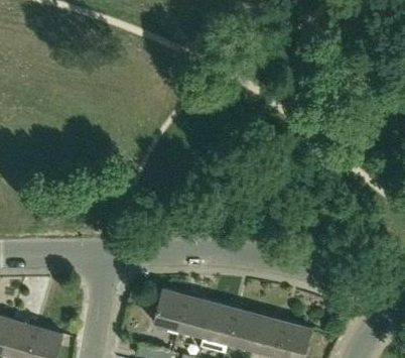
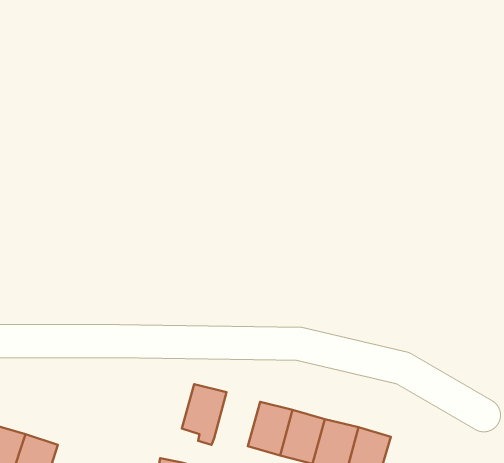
building: [180,299,215,339] -> none

